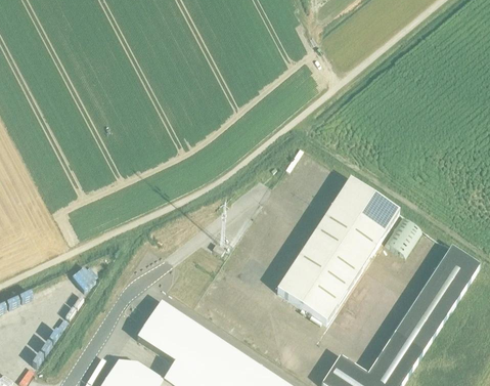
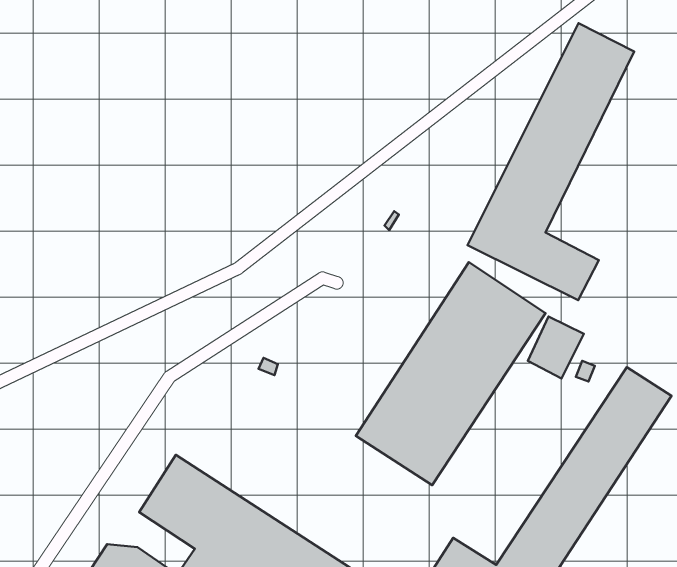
building: none -> [467,23,634,300]

